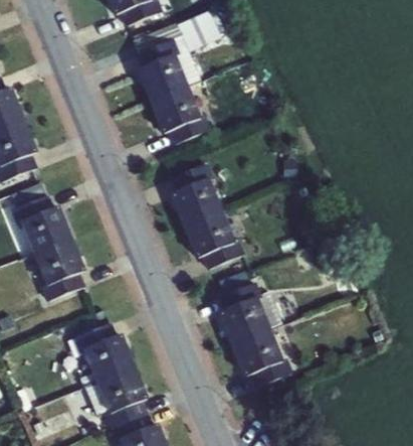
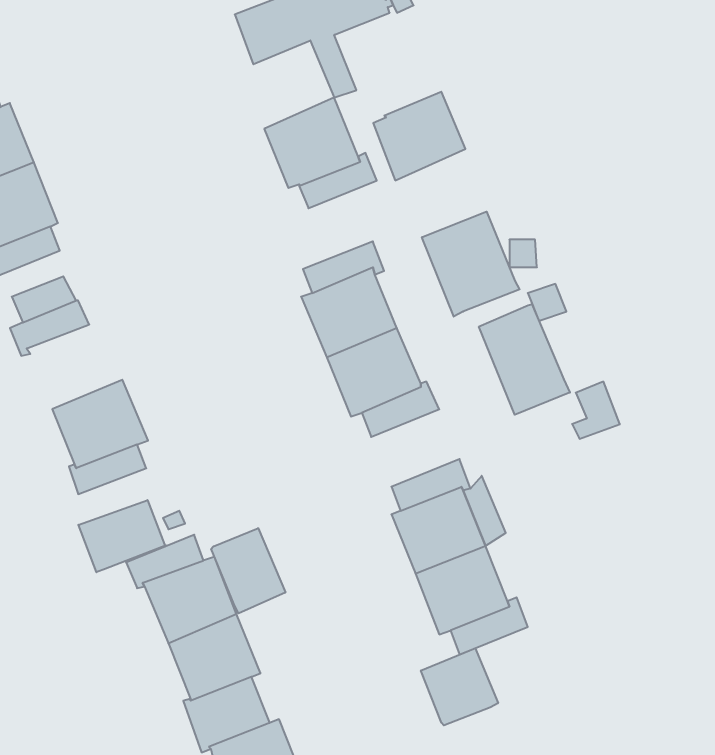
building: [138,53,188,102] -> [373,92,465,180]
building: none -> [422,212,520,317]
building: none -> [479,304,570,415]
building: [20,206,72,255] -> none
building: none -> [78,500,166,572]
building: none -> [211,528,285,613]
building: none -> [421,648,498,725]

